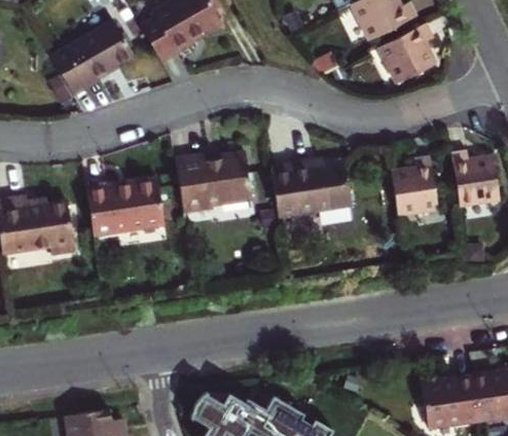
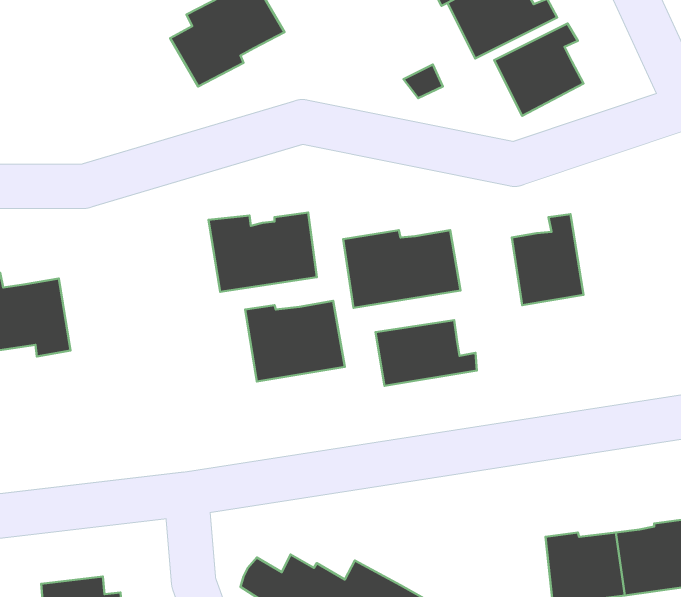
building: [53,21,136,94] -> none
building: [447,149,501,209] -> none
building: [88,178,158,234] -> [245,301,345,382]
building: none -> [376,320,477,386]

